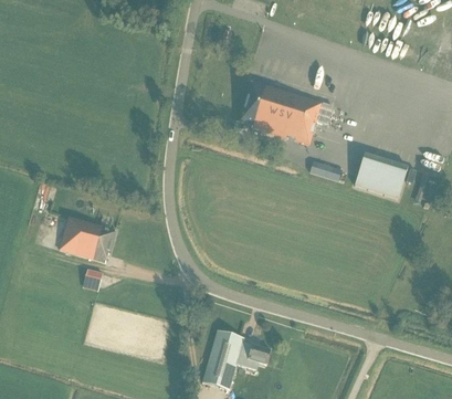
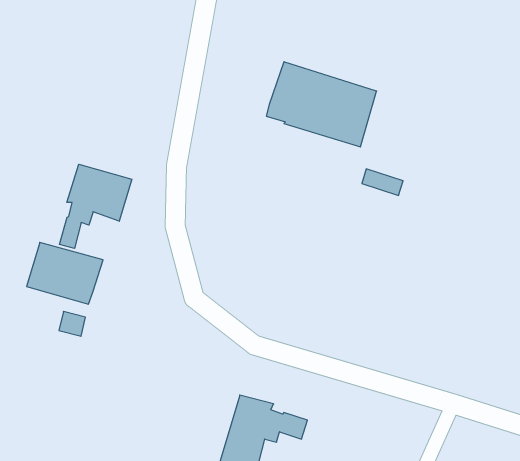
building: [354,154,407,199] -> none
building: none -> [60,164,132,248]

